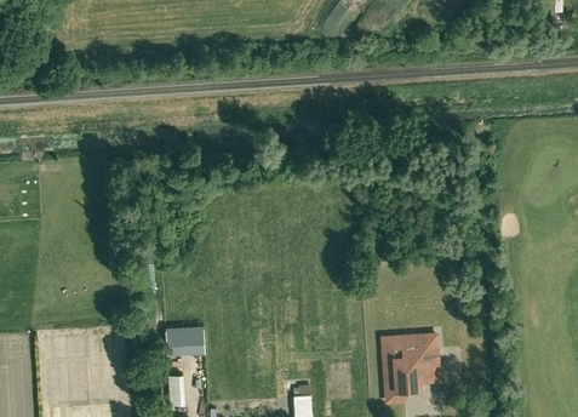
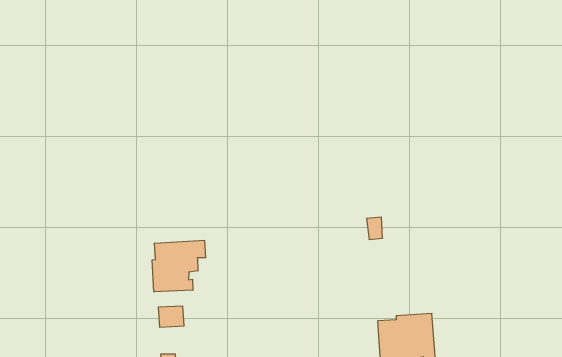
building: none -> [152,240,206,292]

